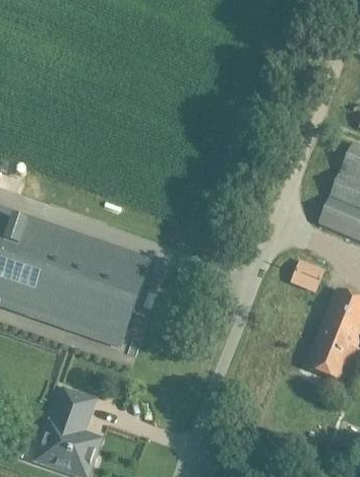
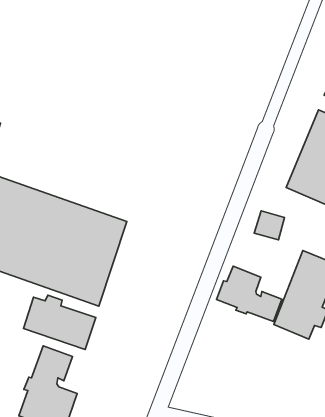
building: none -> [216,266,282,322]
building: none -> [24,295,96,350]

